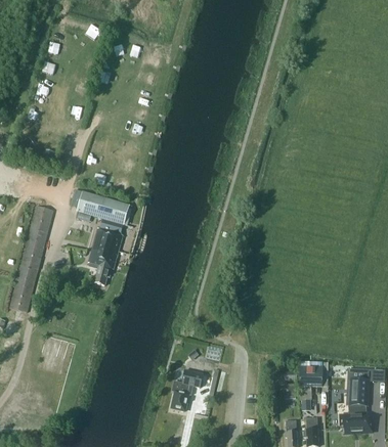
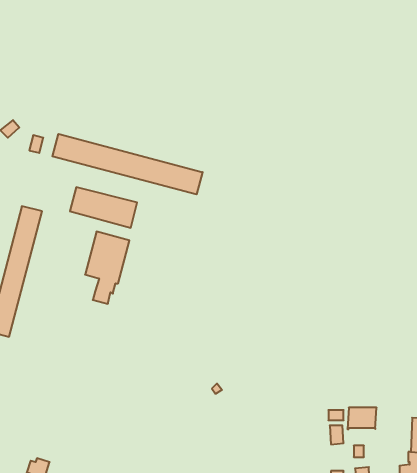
building: none -> [52,134,203,194]
building: [172,369,204,409] -> none

